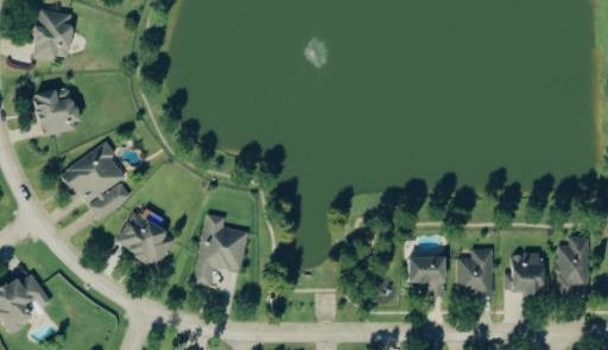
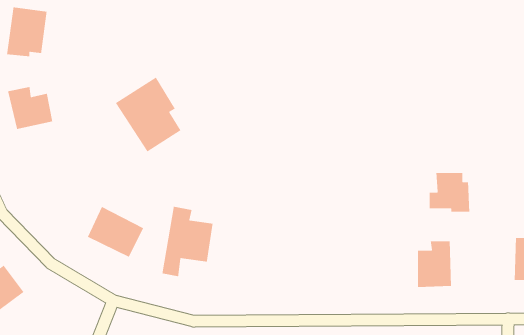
building: [62,142,131,221] -> [115,76,182,152]
building: [502,253,545,294] -> [429,172,470,213]
building: [407,255,445,297] -> none

